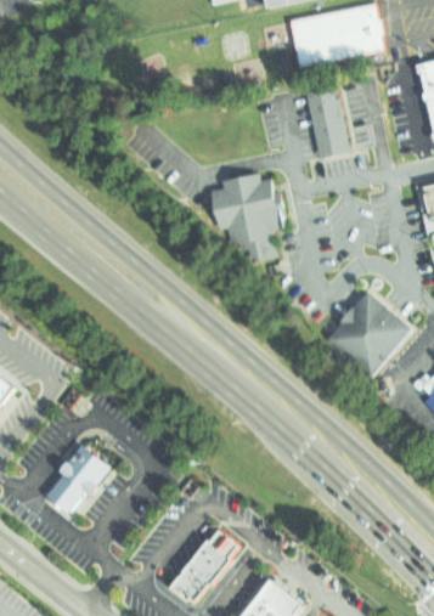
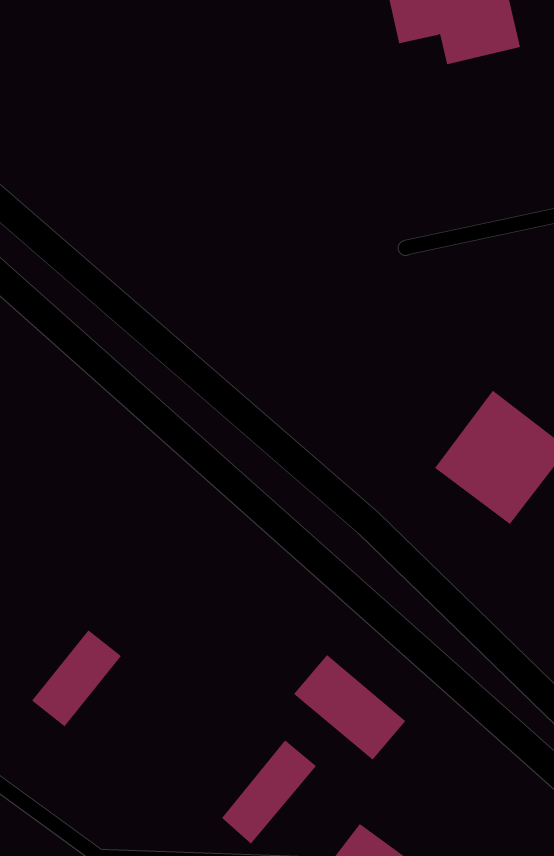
building: [304,78,351,162] -> none
building: [207,170,275,260] -> none
building: none -> [293,654,406,761]

